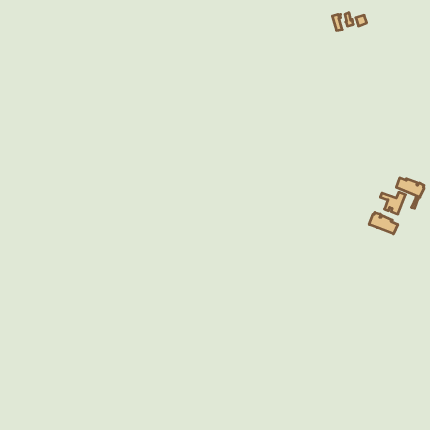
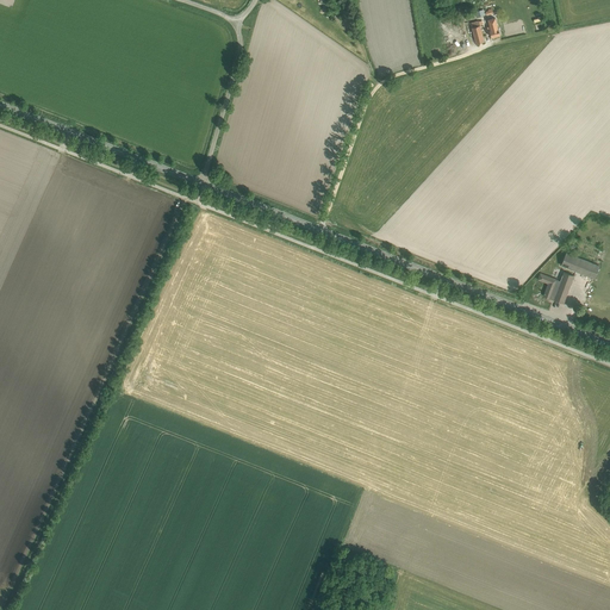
building: [369,212,398,234] -> none

